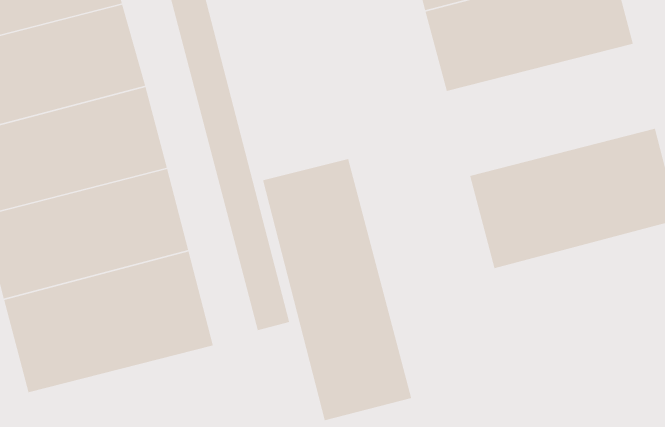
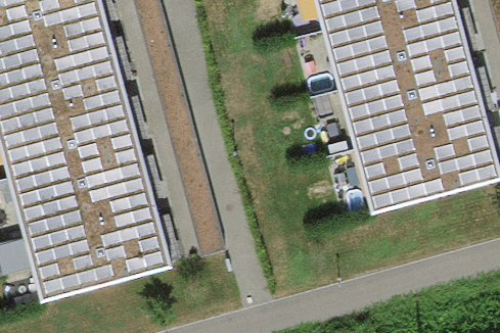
building: none -> [335,52,484,145]
building: [262,158,412,421] -> none

